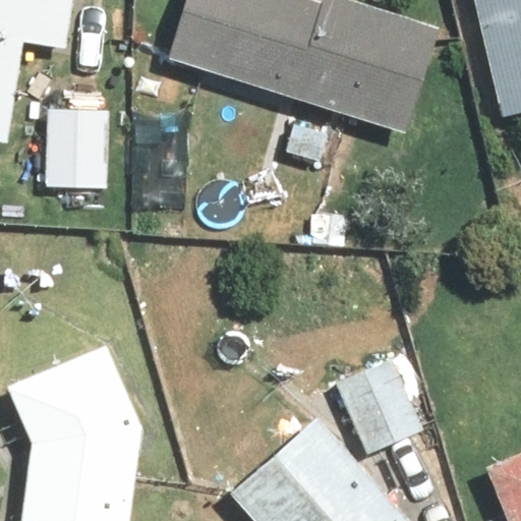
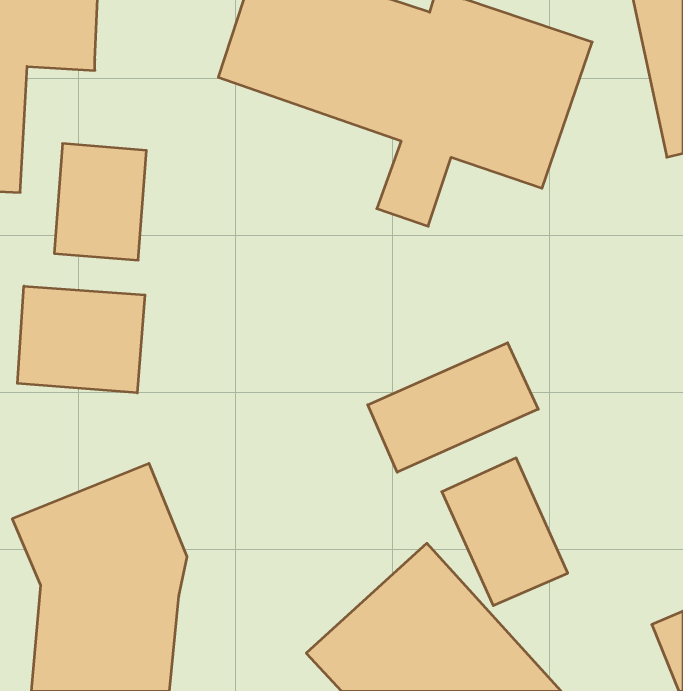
building: none -> [17,286,145,393]
building: none -> [368,343,538,472]

